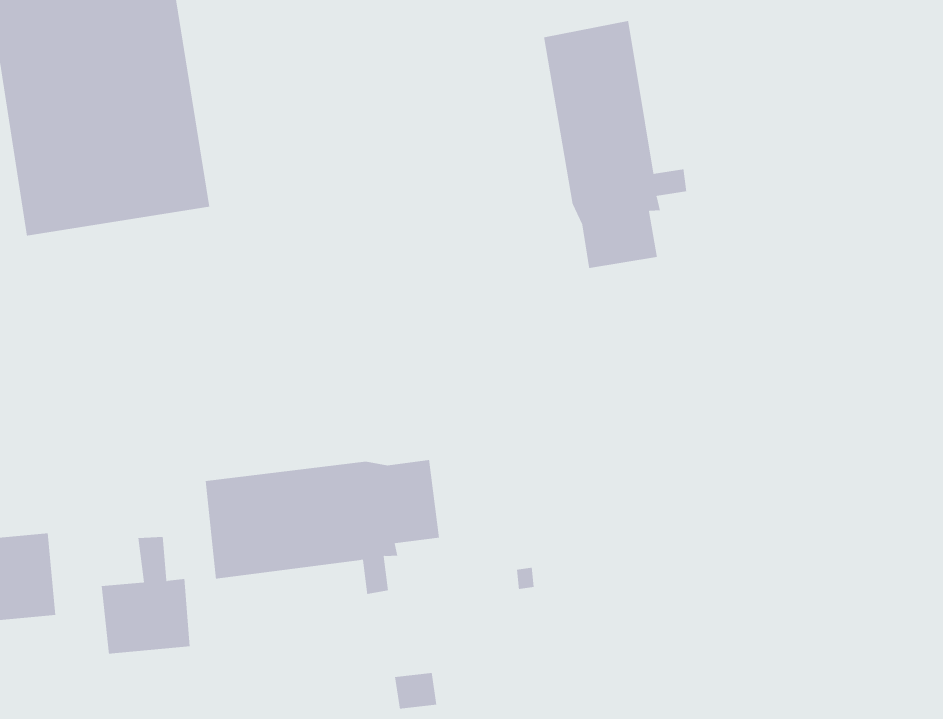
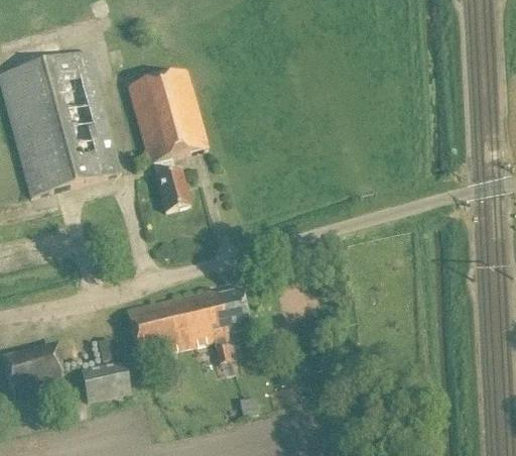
building: [543,20,687,269] -> none
building: none -> [129,71,209,210]

